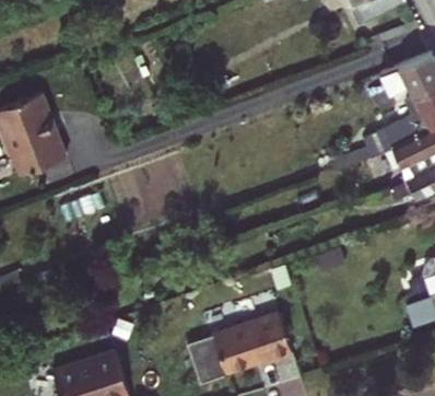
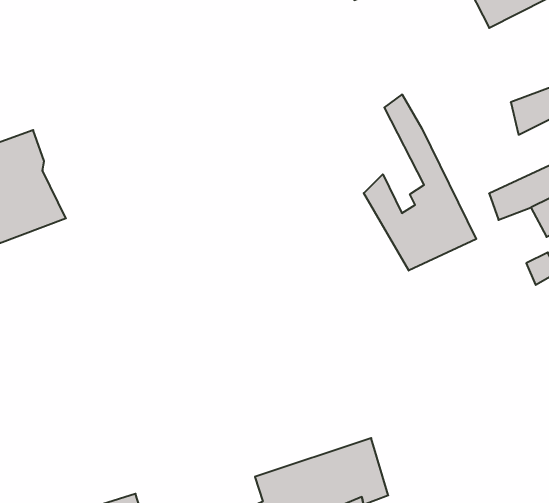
building: none -> [364,94,476,271]

